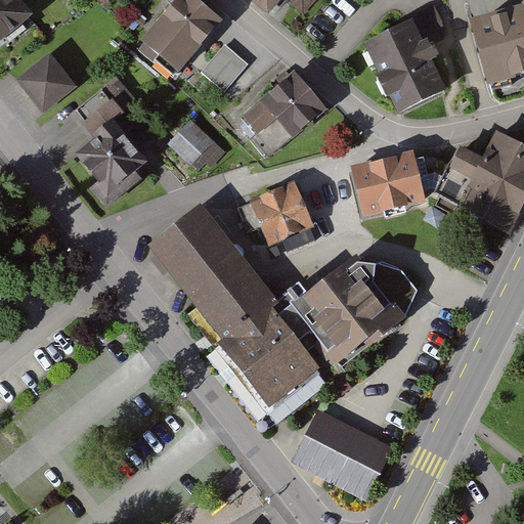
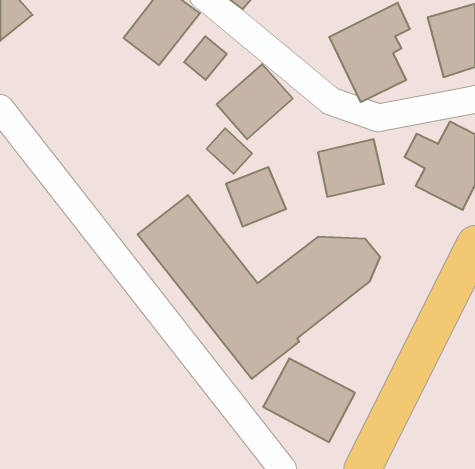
building: [17,52,77,113] -> none
building: [71,100,150,199] -> none
building: [172,117,222,167] -> [207,128,252,174]

